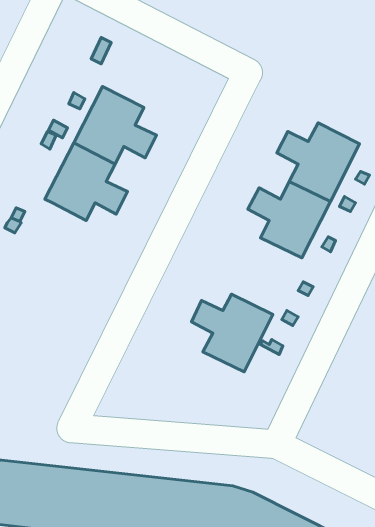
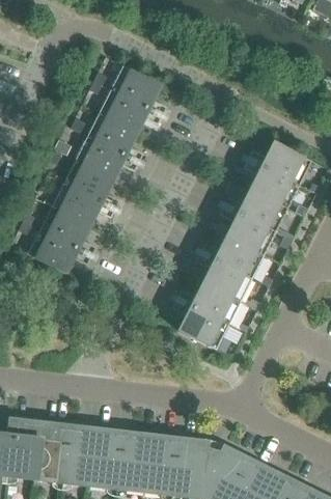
building: none -> [101,64,168,130]
building: none -> [29,205,98,271]
building: none -> [197,238,266,301]

